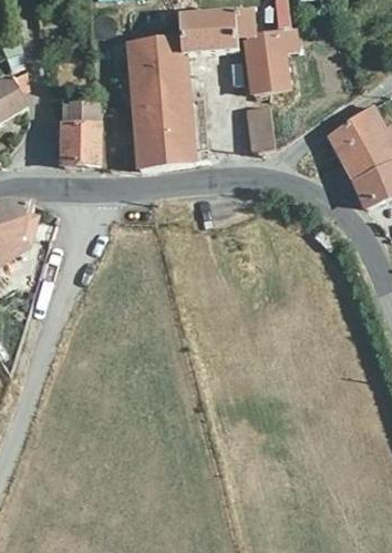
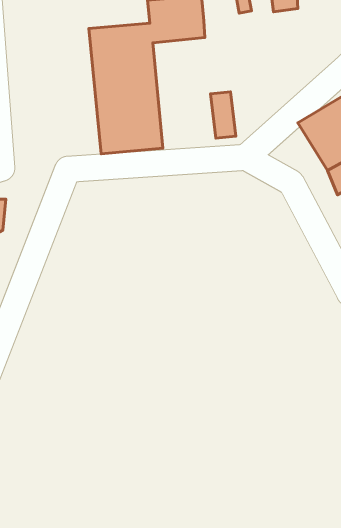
building: [238,27,295,90] -> none
building: [62,103,99,164] -> none

